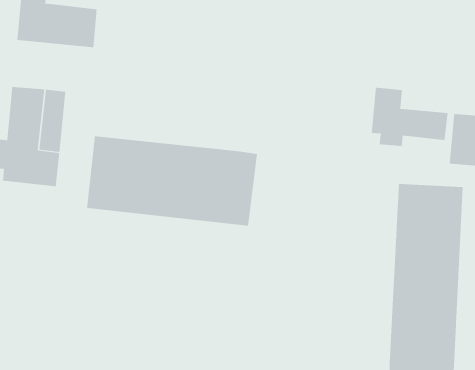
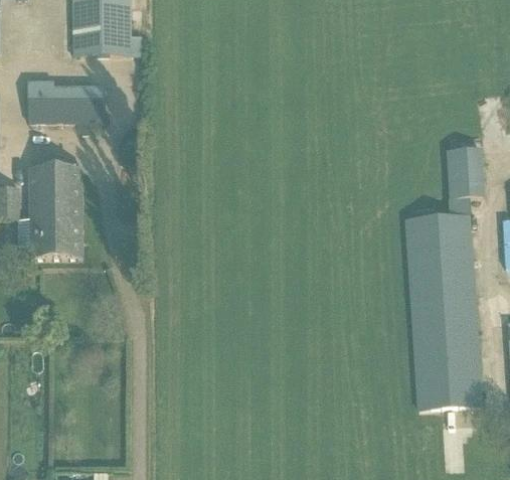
building: [371,87,448,147] -> none
building: [86,135,258,227] -> none

